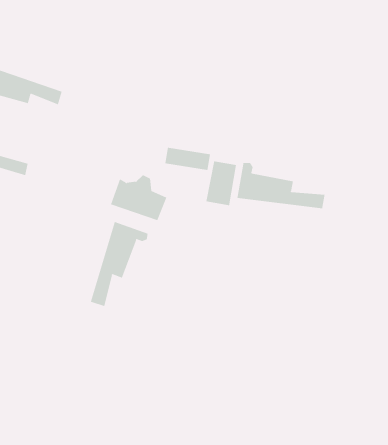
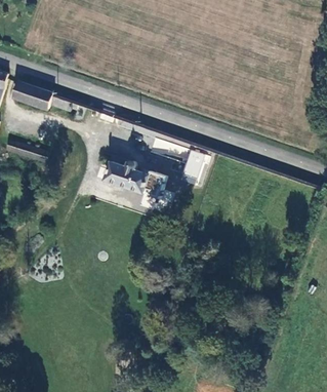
building: [237,162,325,209] -> none
building: [90,221,148,307] -> none

